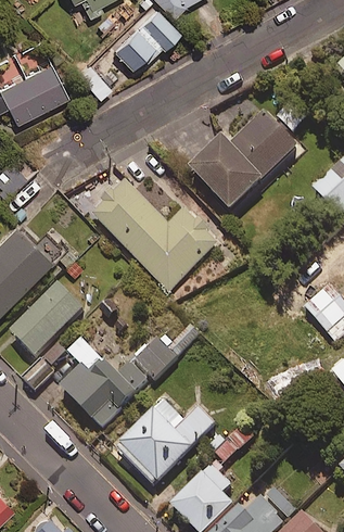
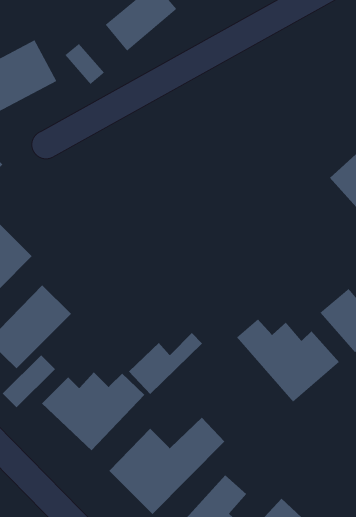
building: [188,107,298,206] -> none
building: [92,179,219,291] -> none
building: none -> [236,319,340,403]

